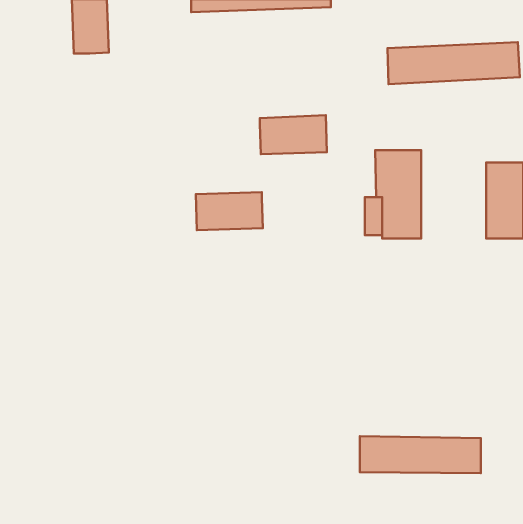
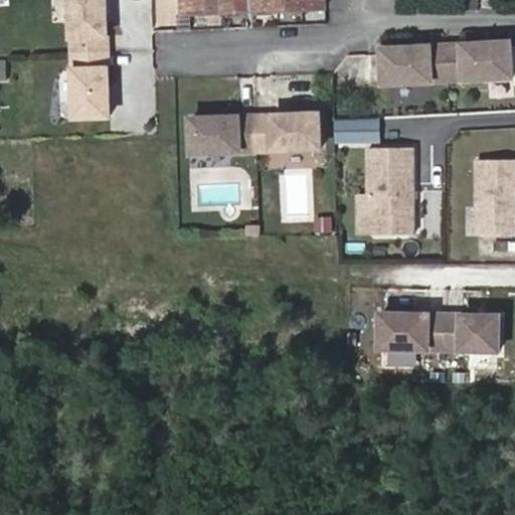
building: none -> [72,51,109,116]
building: none -> [331,117,376,144]
building: [196,192,263,230] -> [190,116,255,153]
building: [360,436,481,473] -> [379,315,498,351]

